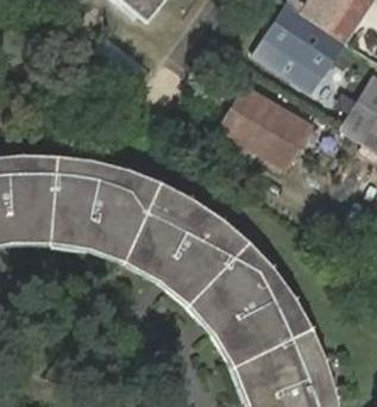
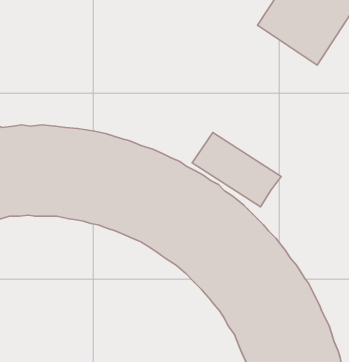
building: [224,89,310,162] -> [192,133,281,207]

